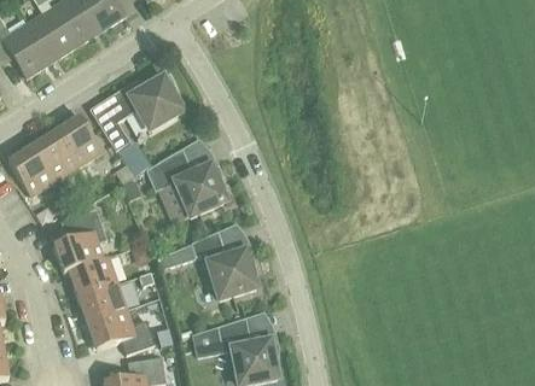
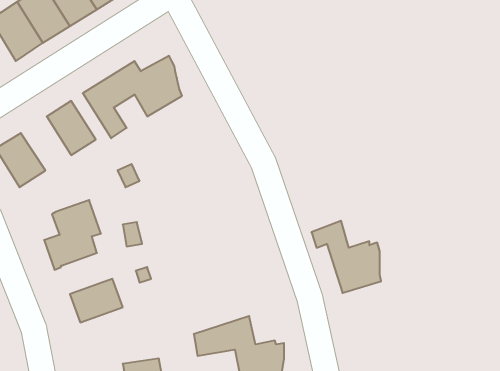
building: [31,130,78,181] -> none
building: [147,148,226,216] -> none
building: [191,232,256,299] -> [311,221,381,293]
building: [69,256,117,297] -> none
building: [87,309,155,355] -> none

